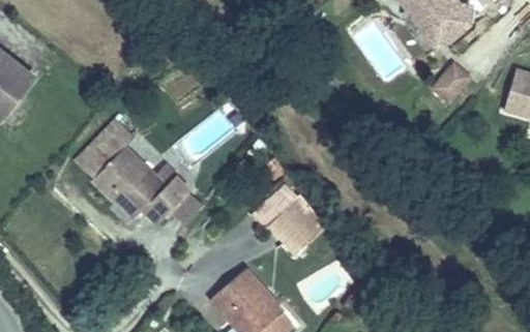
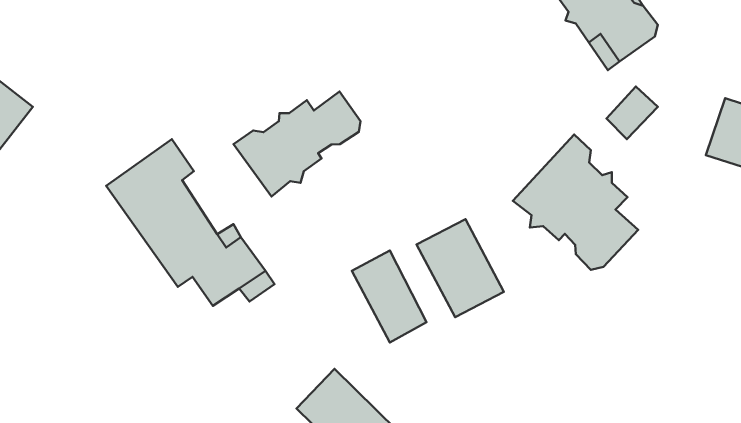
building: none -> [234,92,361,197]
building: none -> [513,135,638,270]
building: none -> [417,219,504,317]

